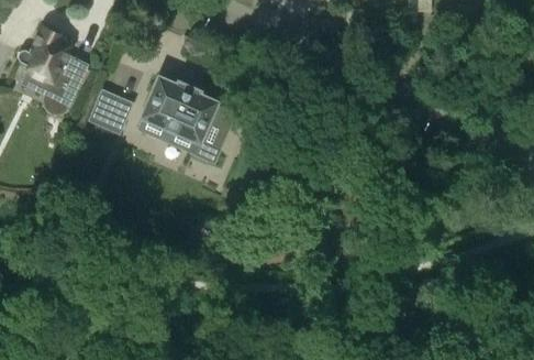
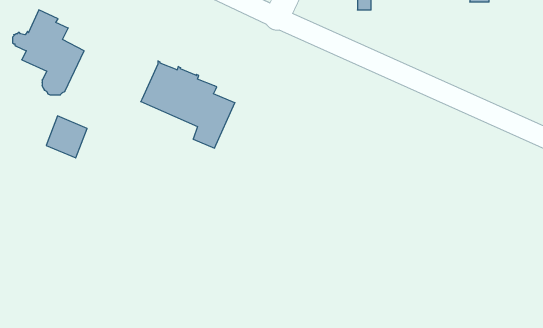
building: [90,92,130,133] -> [46,116,87,158]

